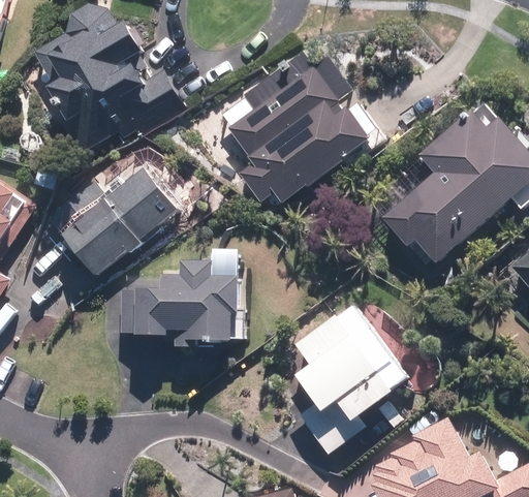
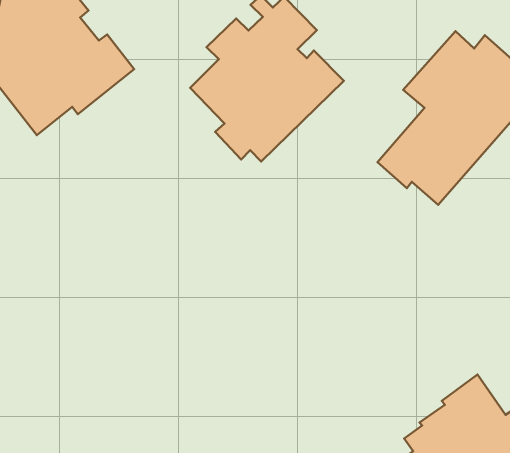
building: [64,170,175,274] -> none
building: [122,262,236,346] -> none
building: [293,303,411,453] -> none

